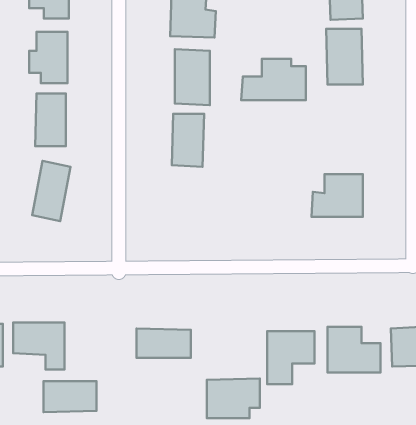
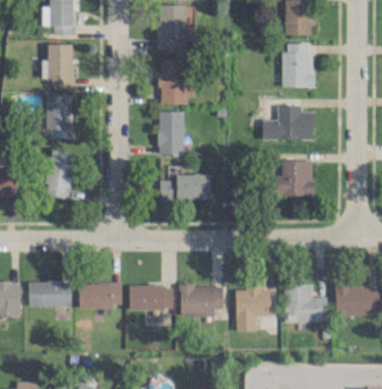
building: [241,59,306,100] -> [263,105,315,138]
building: none -> [161,173,212,199]
building: [207,378,260,418] -> [181,284,224,316]
building: [44,381,97,412] -> [80,283,123,308]

